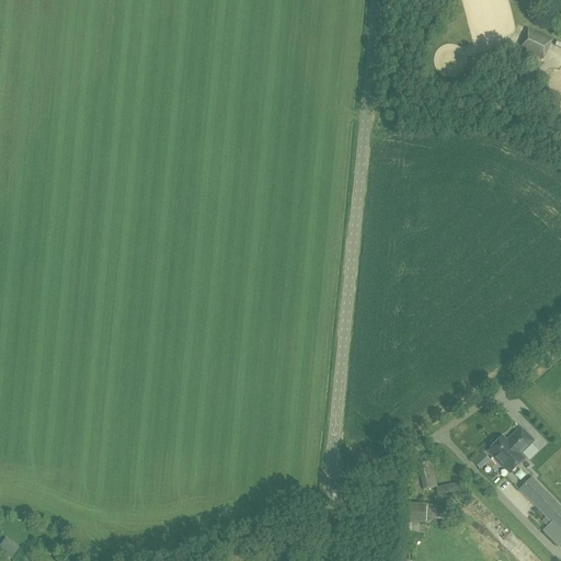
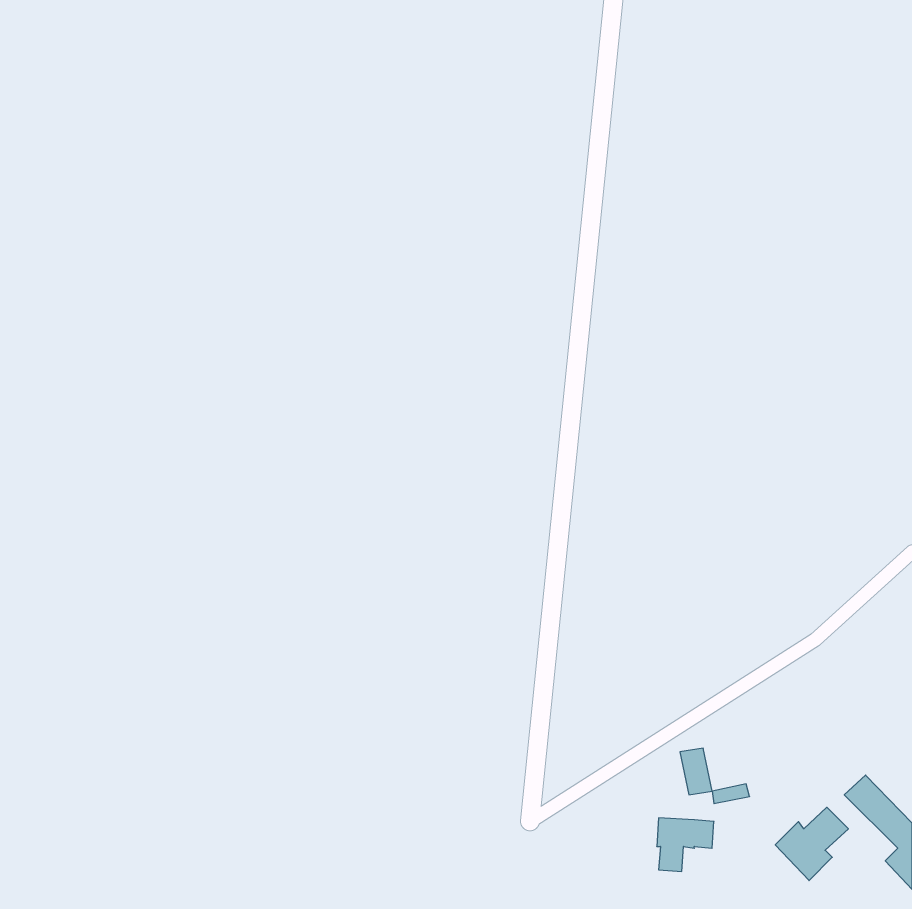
building: [519,28,551,57] -> none
building: [489,426,534,471] -> [775,807,848,881]

